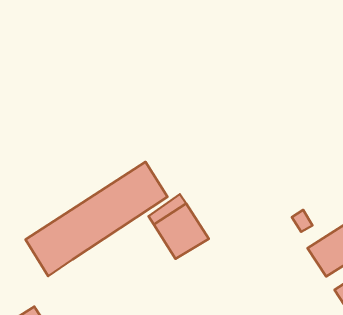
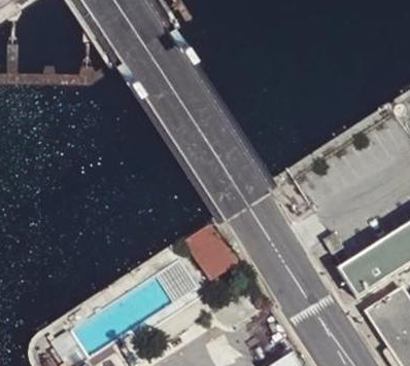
building: [26,162,167,276] -> none

